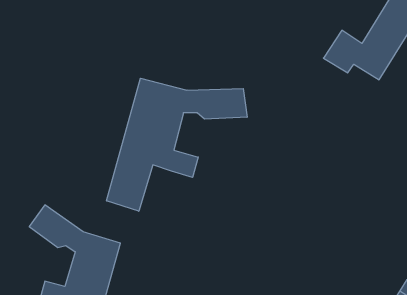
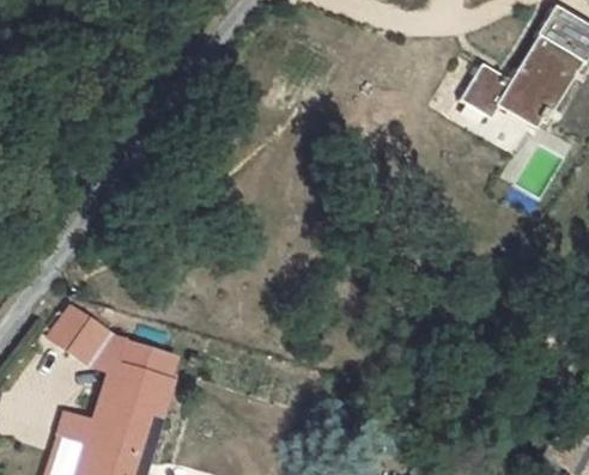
building: [107,78,247,211] -> none

